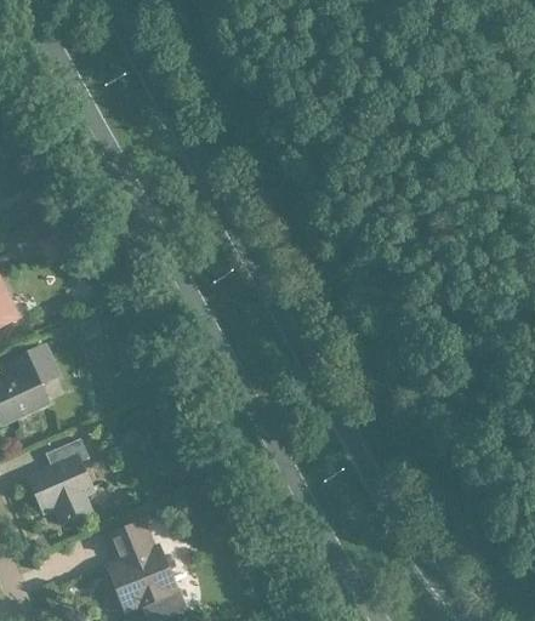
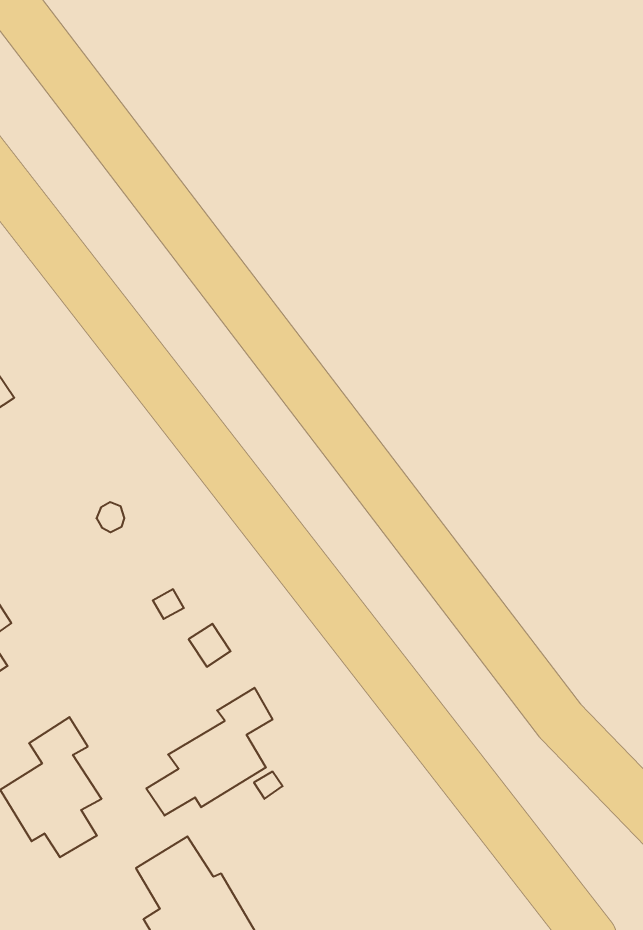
building: none -> [146,688,272,816]

